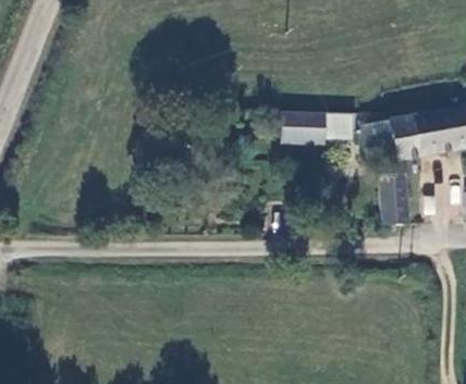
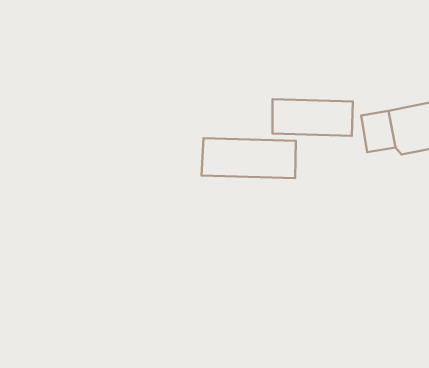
building: none -> [201,138,296,178]
building: [380,178,404,223] -> none

